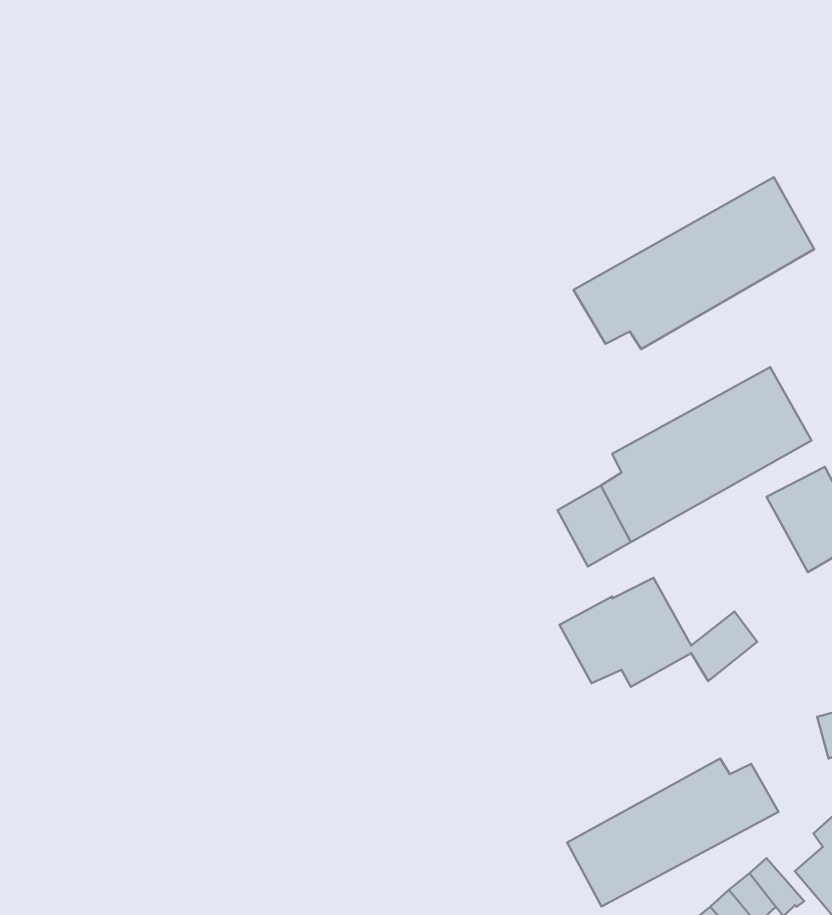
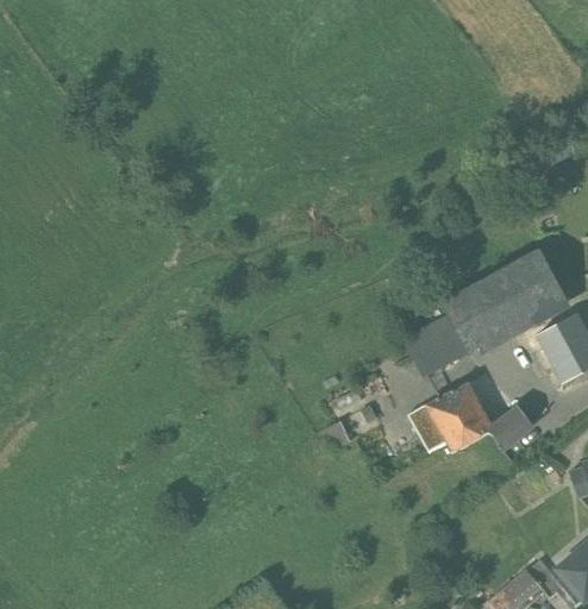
building: [573,177,814,349] -> none
building: [567,758,778,907] -> none

